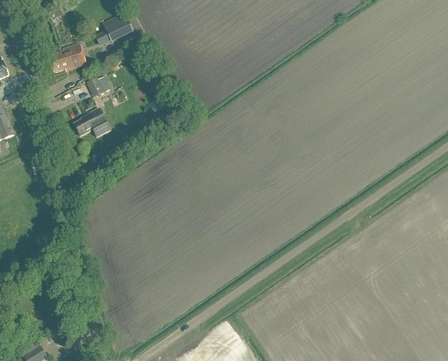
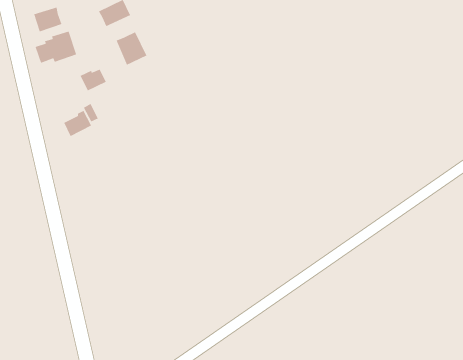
building: none -> [33,7,63,33]
building: none -> [115,31,148,66]

